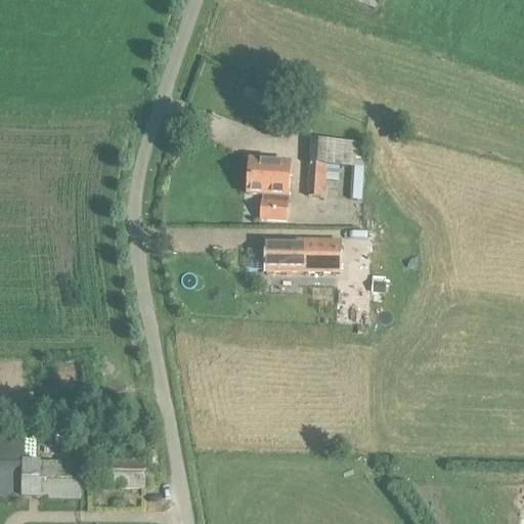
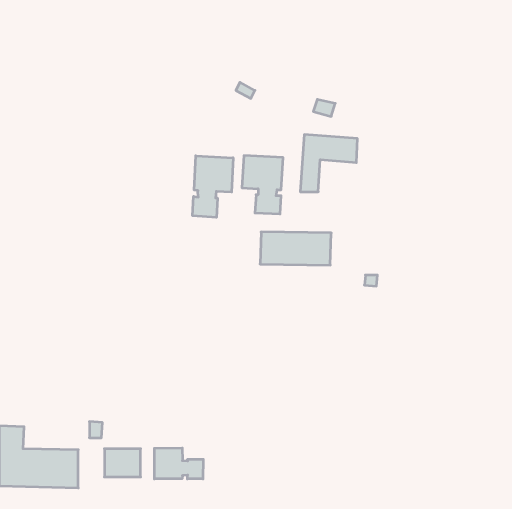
building: none -> [193,156,233,217]
building: none -> [154,448,203,479]

